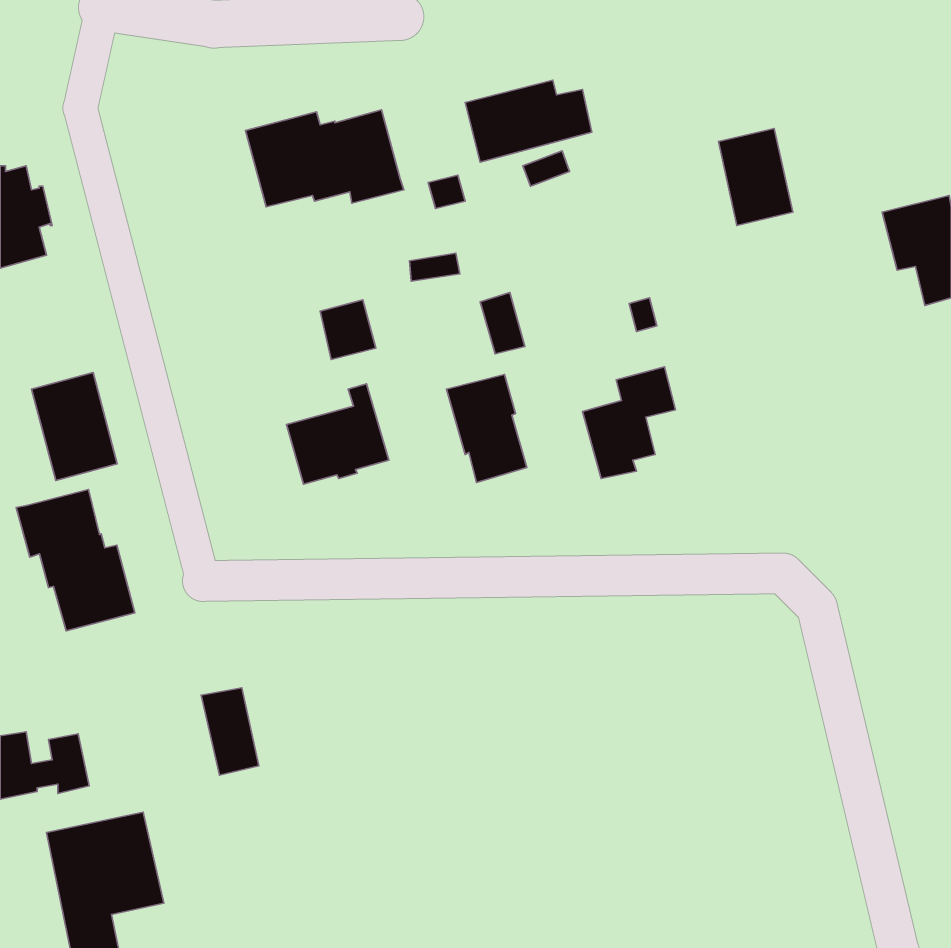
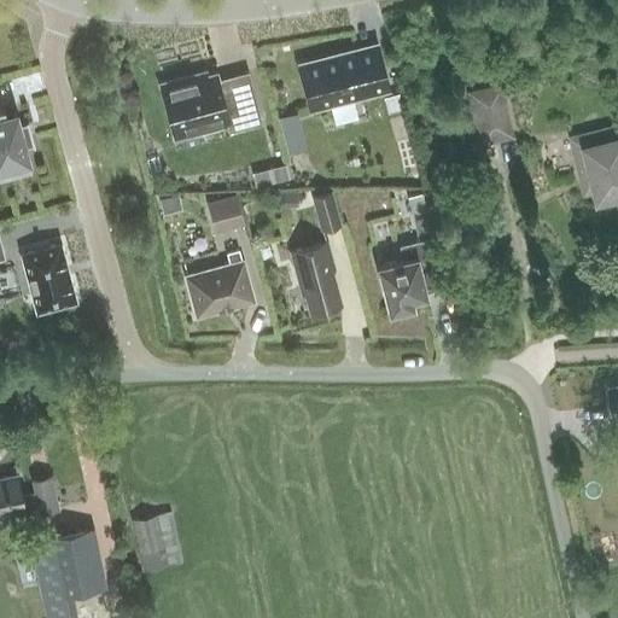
building: [16,490,135,631] -> none
building: [201,688,259,775] -> [130,517,168,573]

